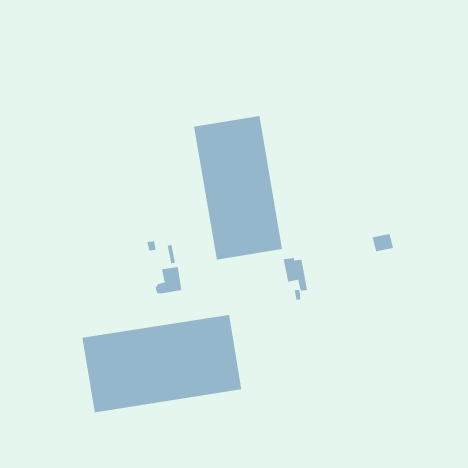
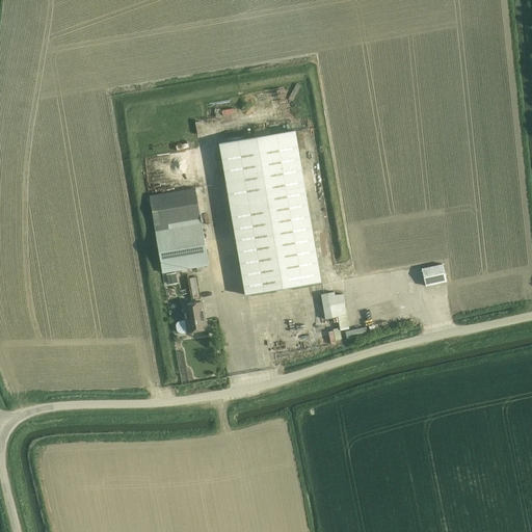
building: none -> [150,188,209,273]
building: [82,314,242,413] -> none

